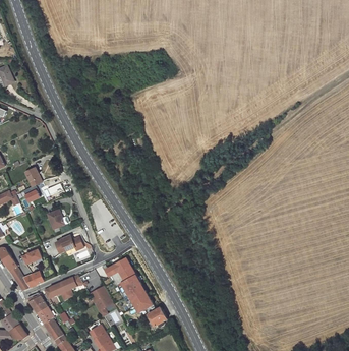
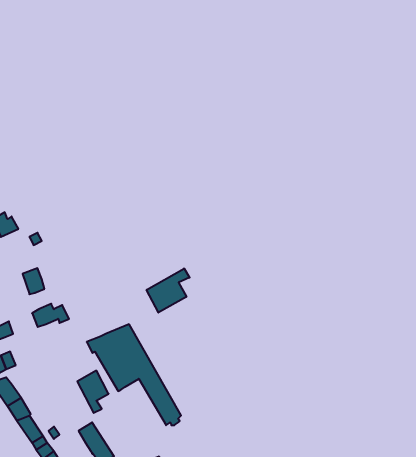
building: none -> [147,268,190,313]
building: [42,275,81,301] -> none

